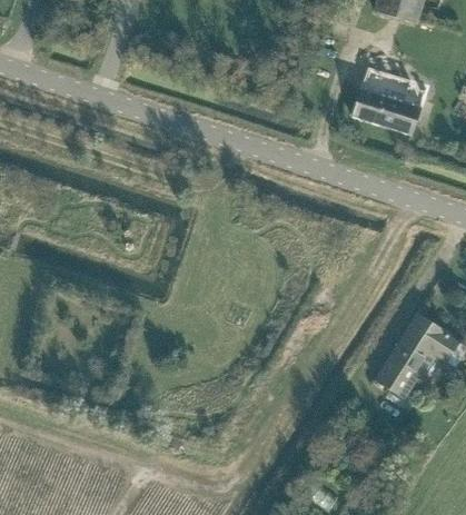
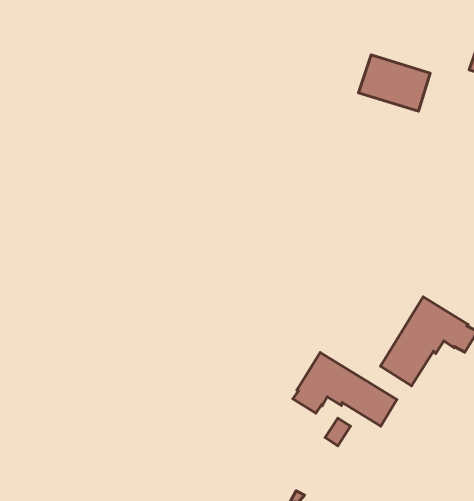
building: none -> [293,352,397,426]

